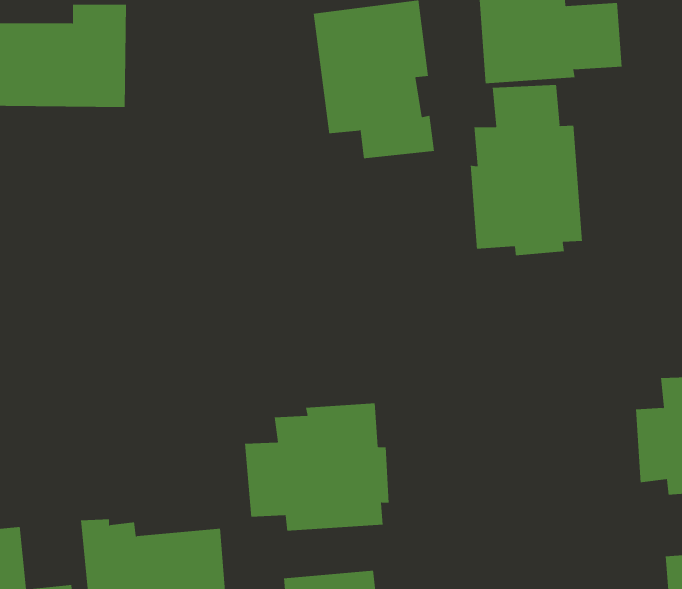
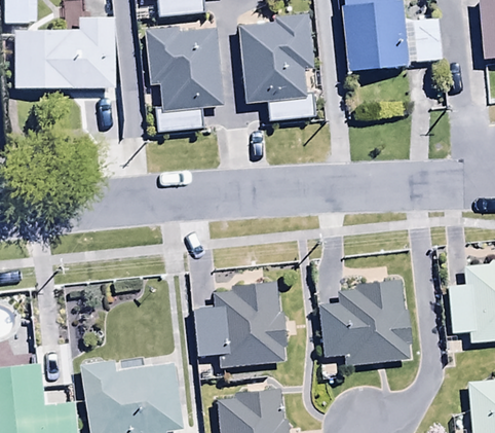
building: none -> [145,27,222,133]
building: [470,84,582,256] -> none
building: none -> [317,280,414,364]

